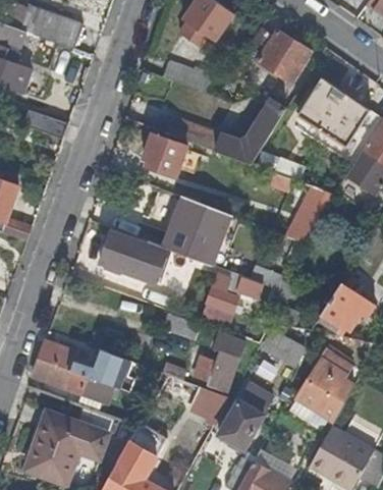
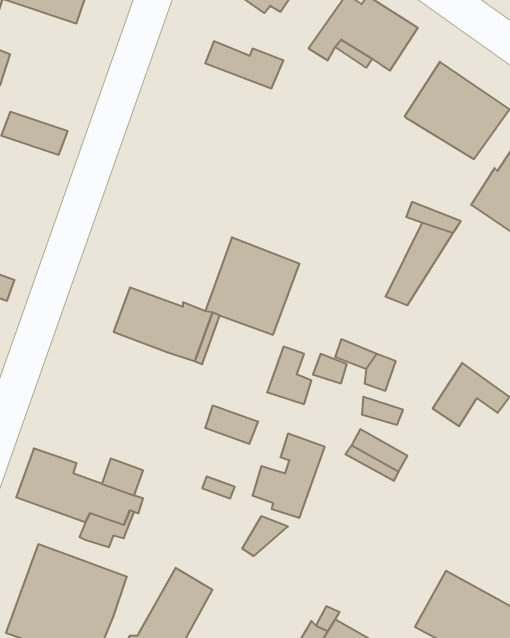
building: [165,99,284,163] -> none
building: [141,133,185,178] -> none
building: [296,352,359,421] -> none
building: [217,384,272,450] -> none

